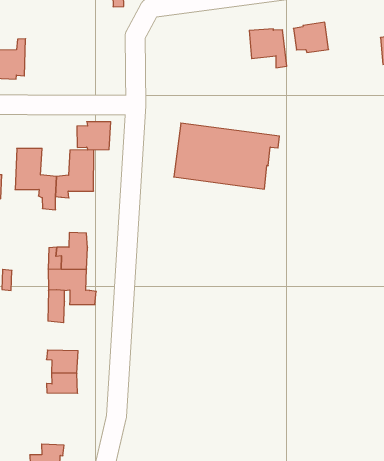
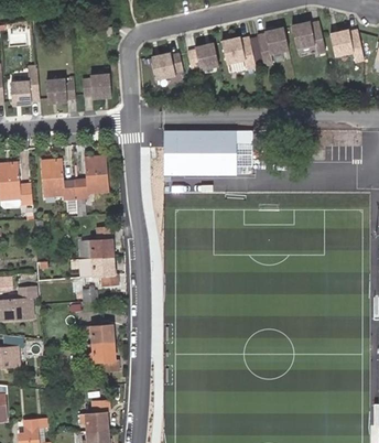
building: none -> [292,24,325,56]
building: none -> [188,45,218,71]
building: none -> [153,54,183,80]
building: none -> [47,77,76,102]
building: [77,122,111,150] -> [83,72,111,97]

